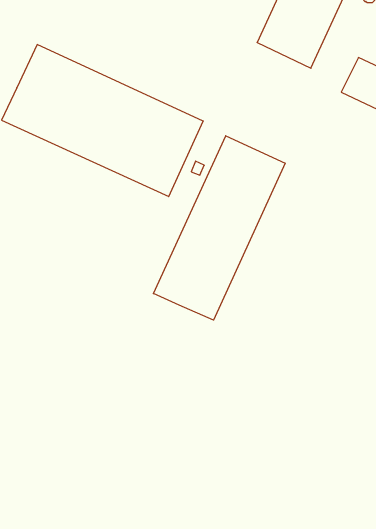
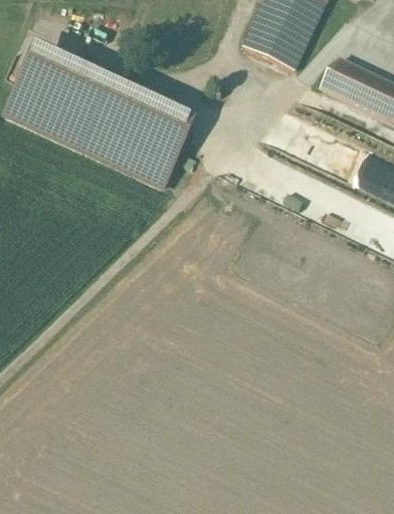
building: [153,136,285,320] -> none

